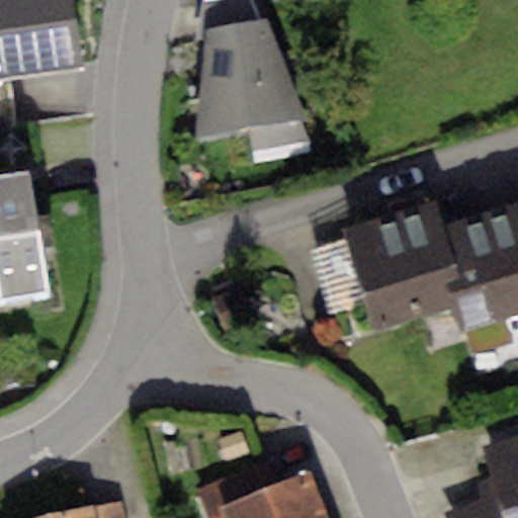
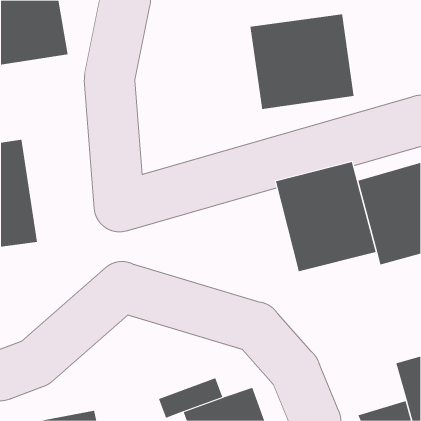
building: none -> [250,14,354,110]
building: [198,21,305,134] -> none

